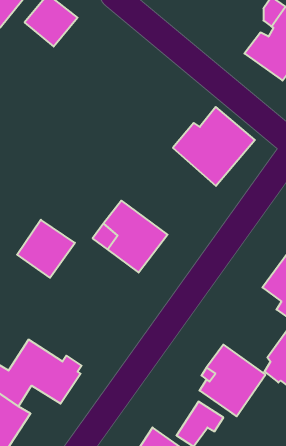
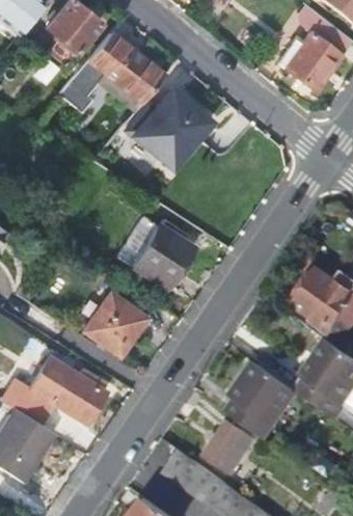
building: none -> [64,32,166,109]
building: [173,107,255,186] -> [127,88,212,170]
building: [17,220,75,278] -> [84,297,144,357]

